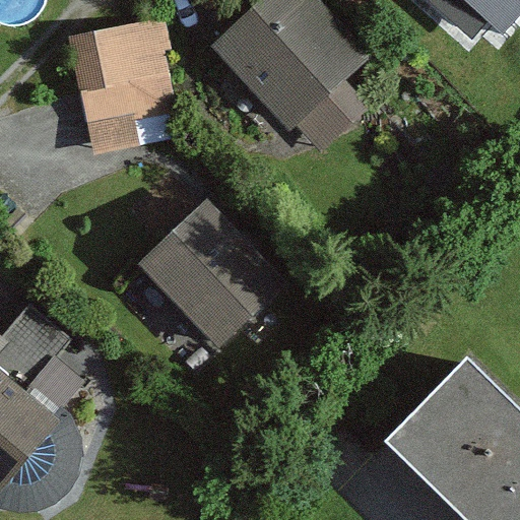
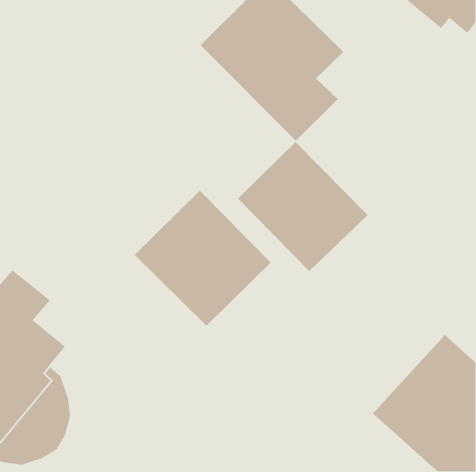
building: [69,23,171,148] -> none
building: none -> [237,141,369,272]

